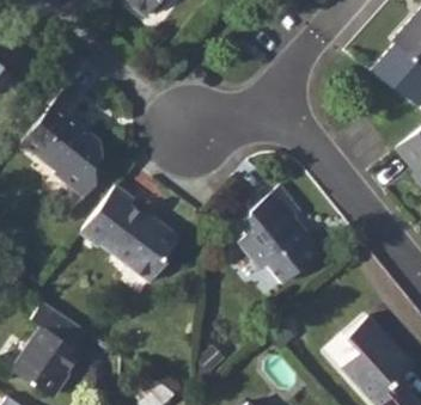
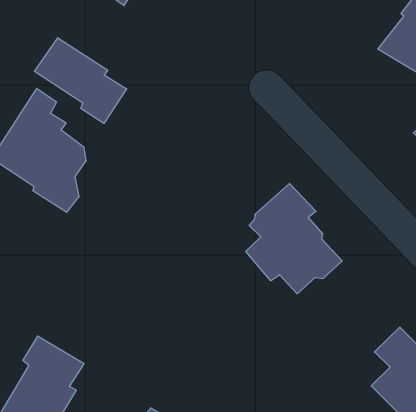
building: none -> [34,38,127,123]
building: [79,182,182,282] -> none

